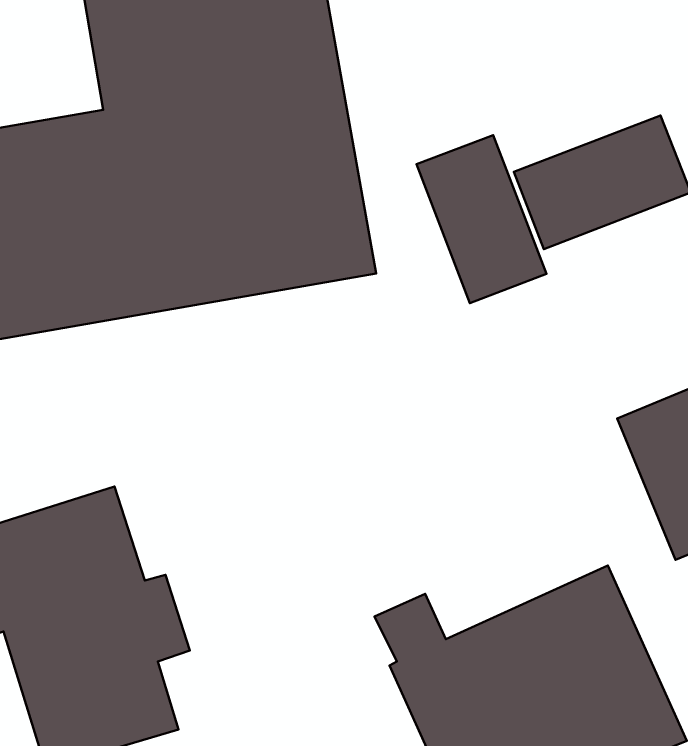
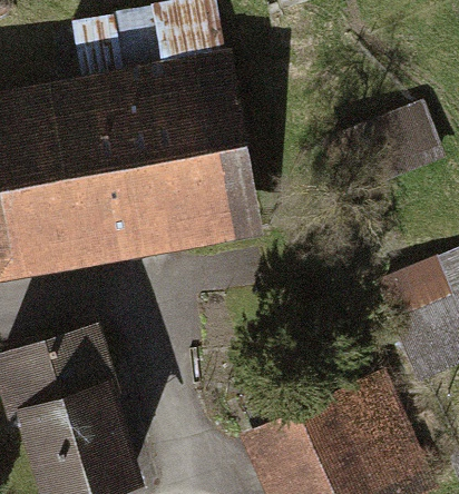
building: [416,135,547,303] -> none

